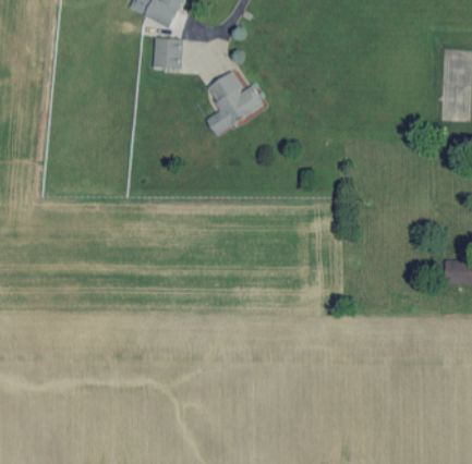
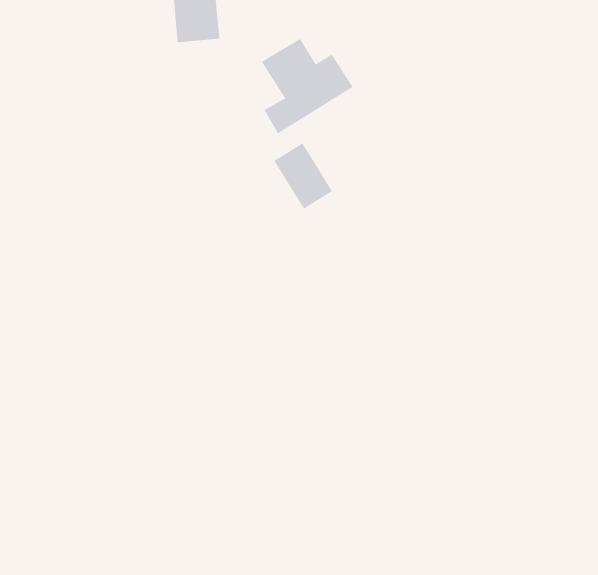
building: none -> [273,143,333,210]

